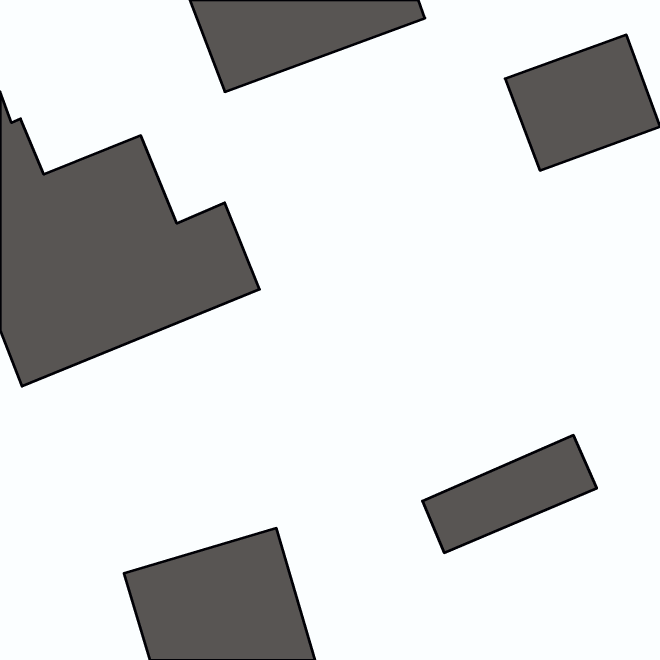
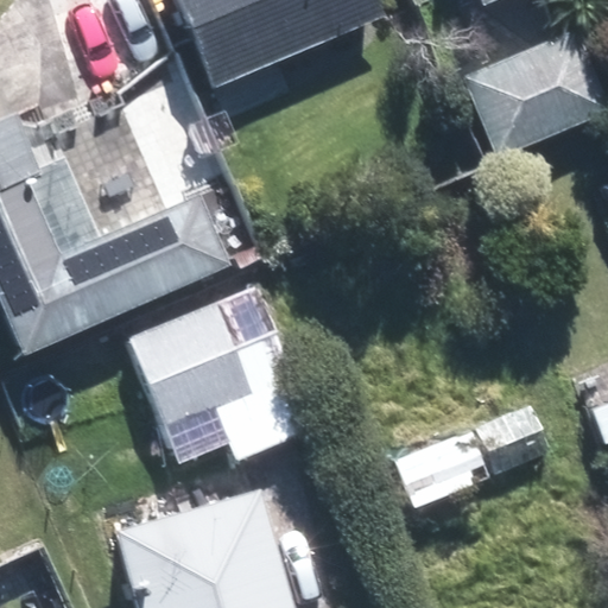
building: none -> [121,280,321,468]

